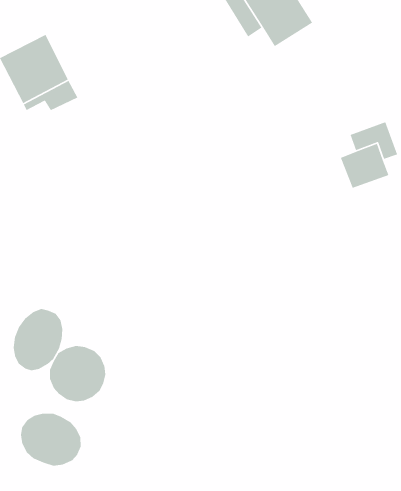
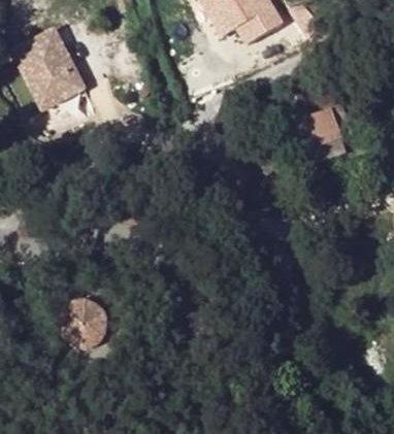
building: [13,308,63,371] -> none
building: [20,413,82,467] -> none

